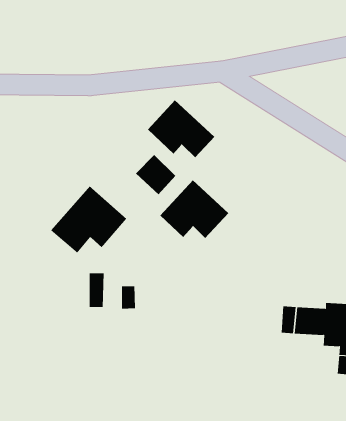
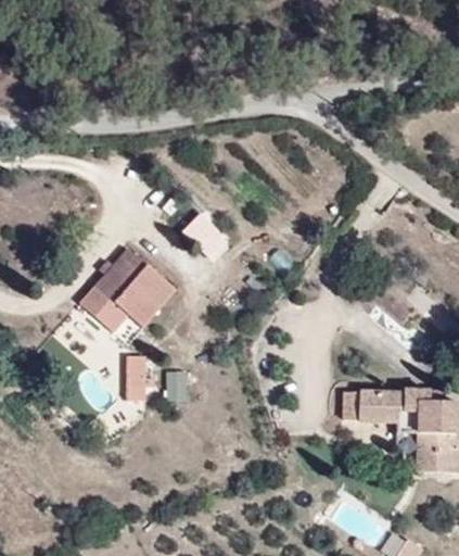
building: [147,100,215,158] -> none
building: [160,179,229,239] -> none

